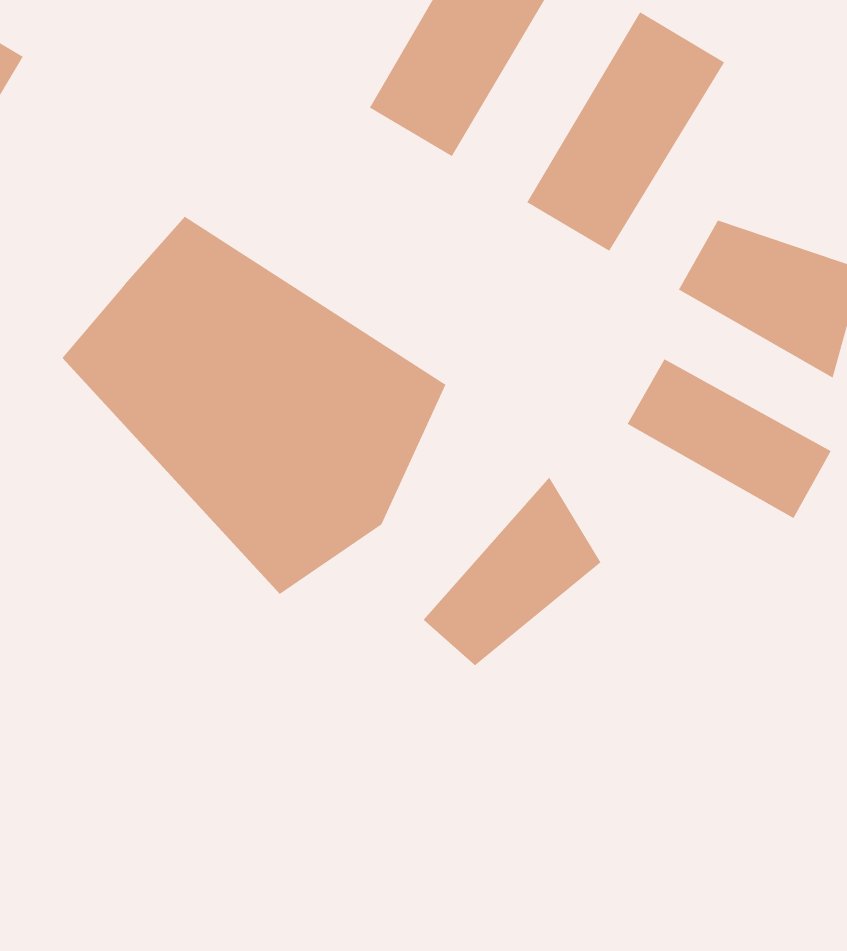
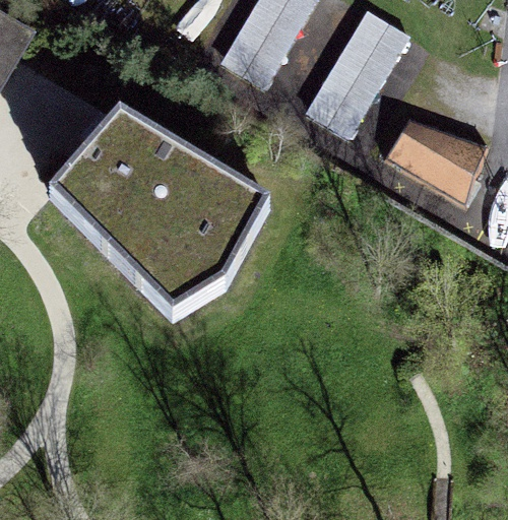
building: [627,358,832,519] -> none
building: [423,477,601,666] -> none

